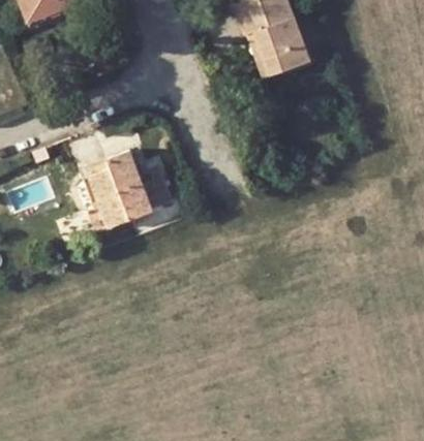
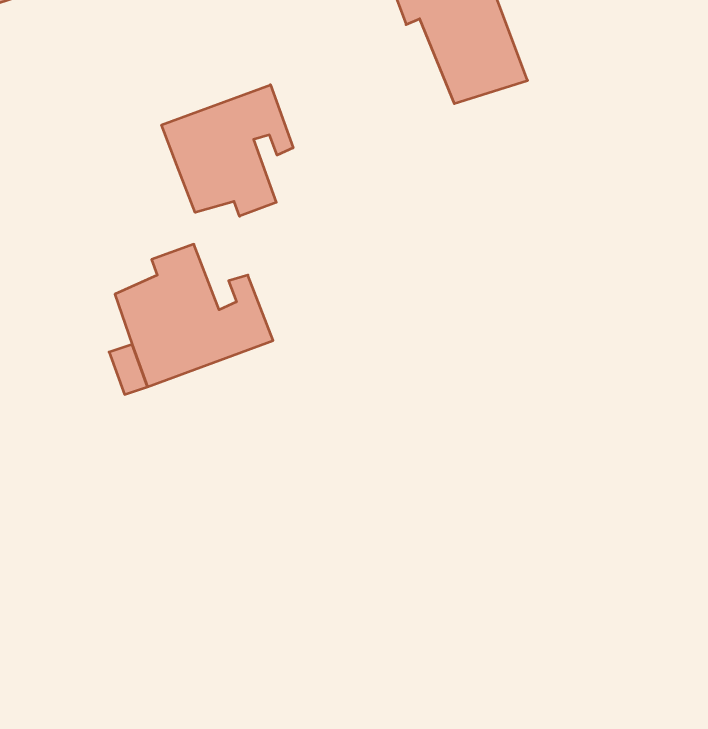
building: none -> [162,85,293,216]

